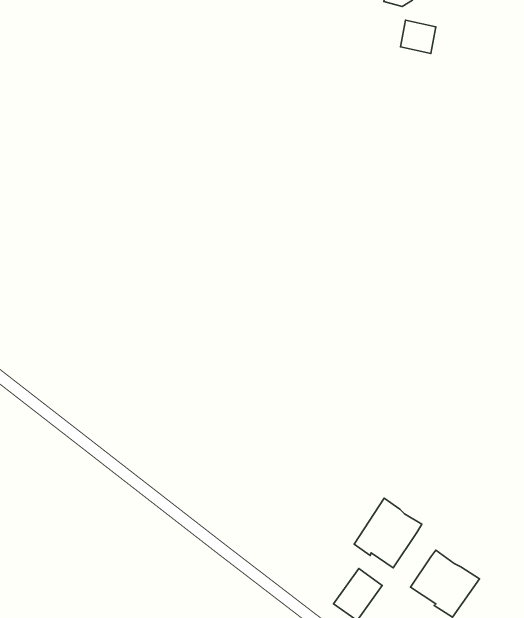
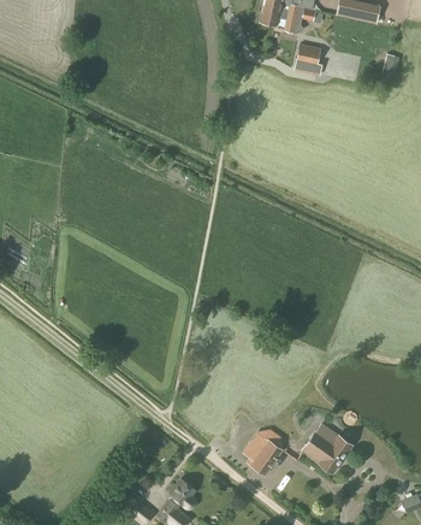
building: [354,498,422,568] -> none

